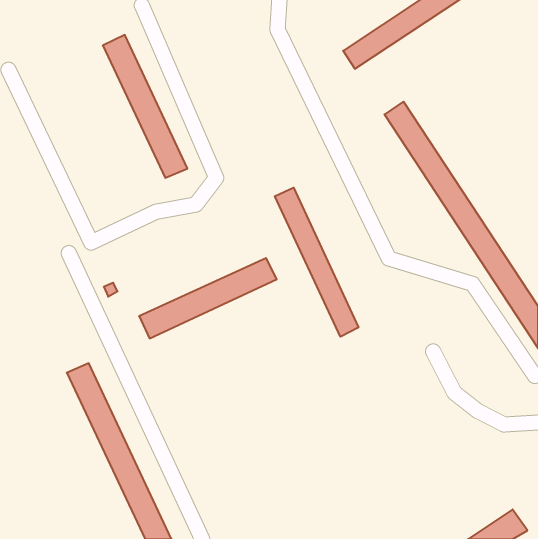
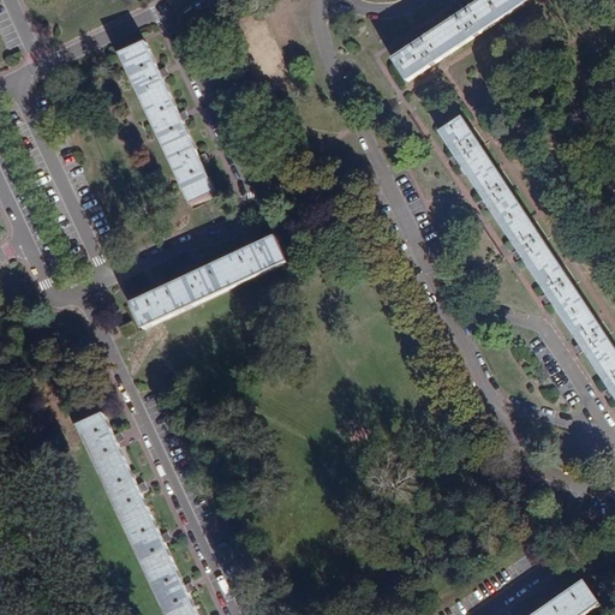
building: [275,188,358,337] -> none
building: [139,258,277,338] -> [129,235,285,327]

